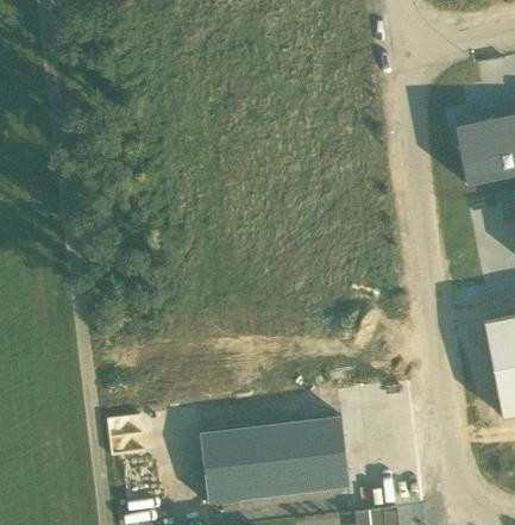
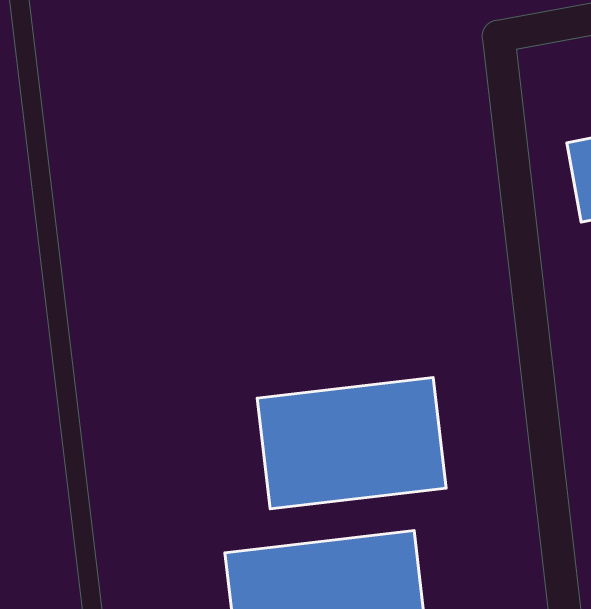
building: none -> [257,377,446,509]

